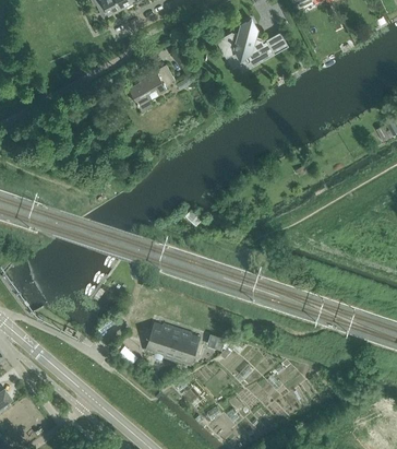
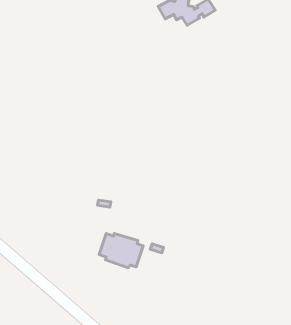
building: [128,64,175,111] -> none

